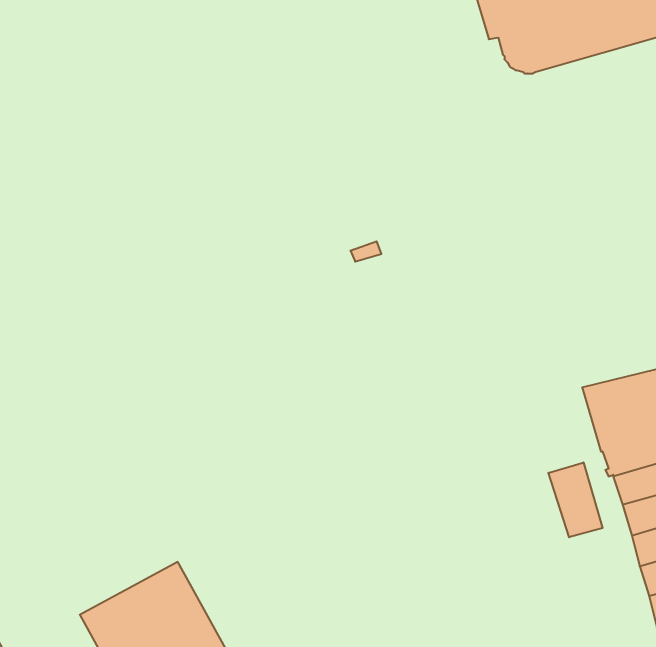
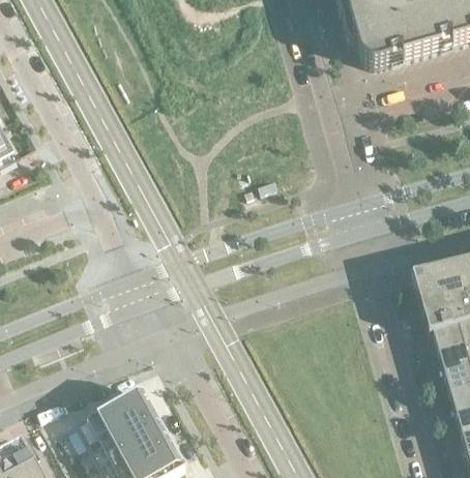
building: [548,462,603,537] -> none

